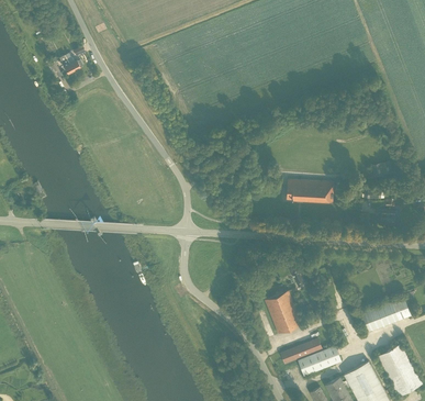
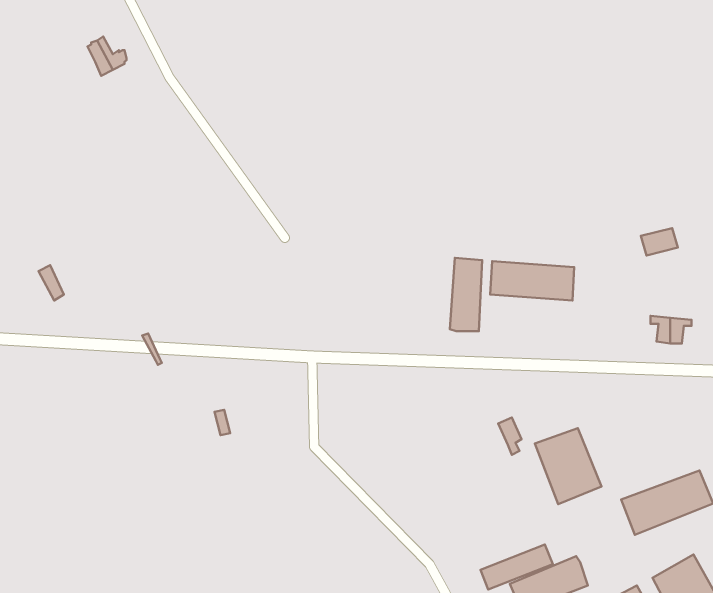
building: none -> [450,258,482,331]
building: [264,290,301,333] -> [535,428,601,504]

